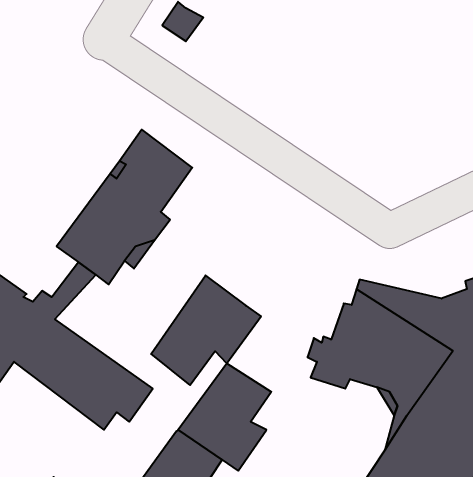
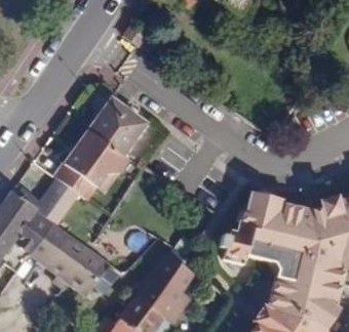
building: [151,275,261,385] -> none

